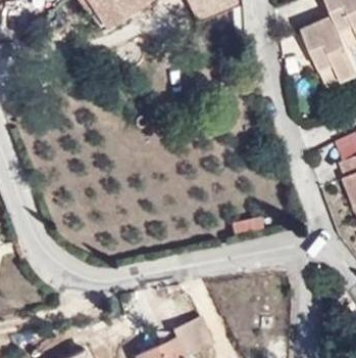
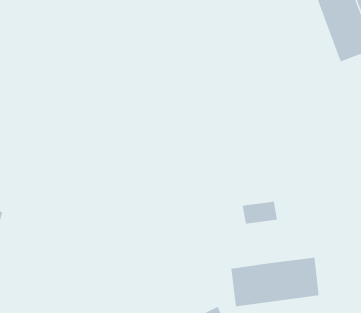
building: none -> [231,257,319,307]

